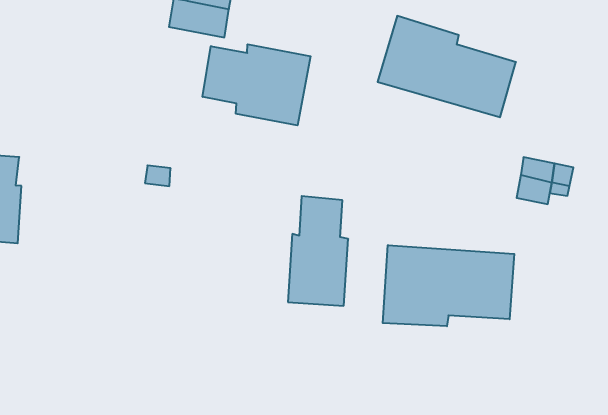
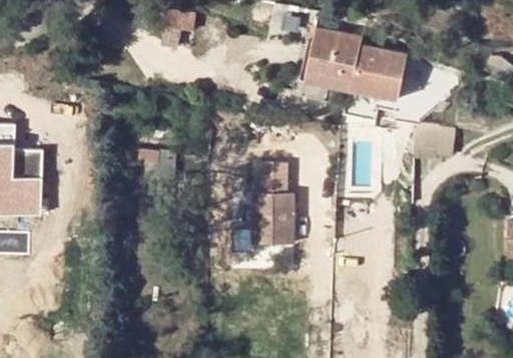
building: [203,44,311,125] -> none
building: [383,245,514,326] -> none

